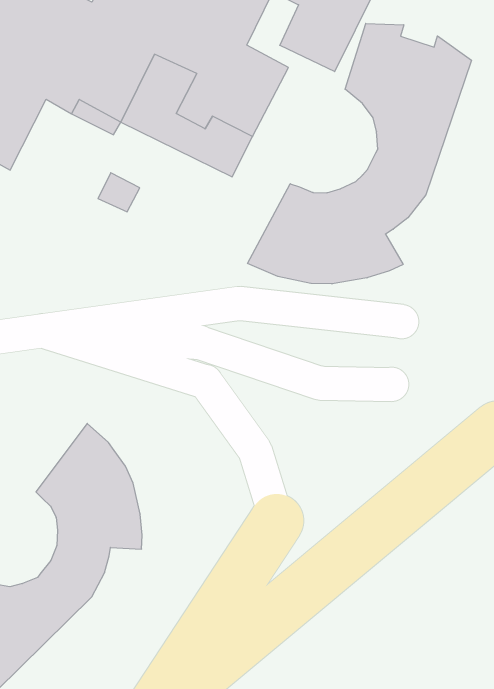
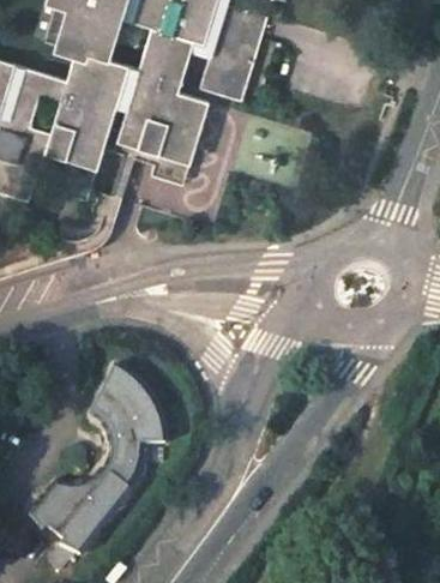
building: [248,23,472,284] -> none

